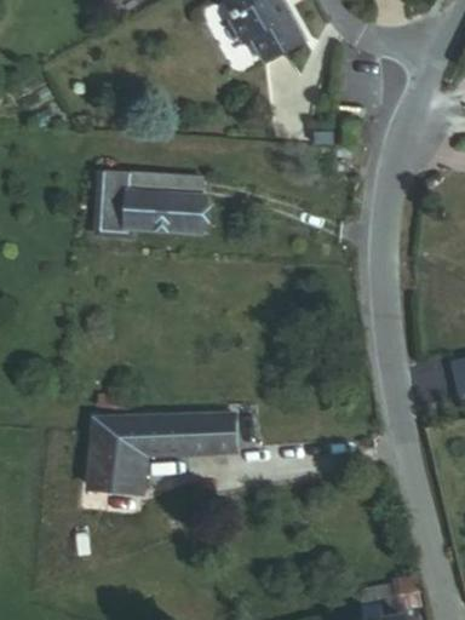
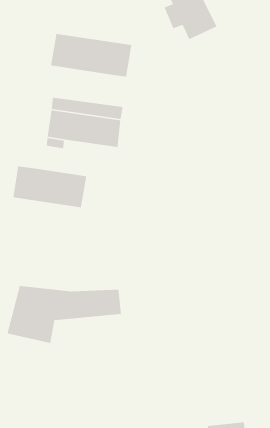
building: none -> [50,33,132,77]
building: none -> [13,166,87,208]

